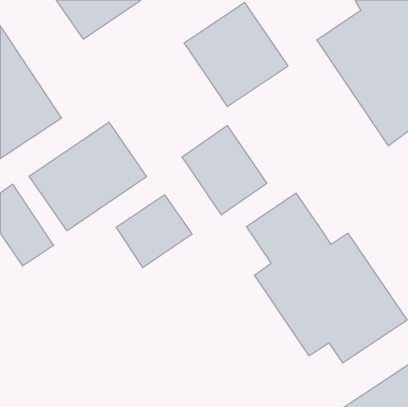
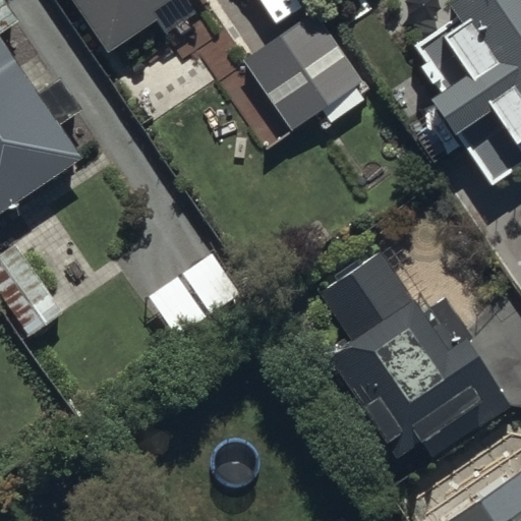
building: [29,122,147,231] -> none
building: [182,125,267,215] -> none

